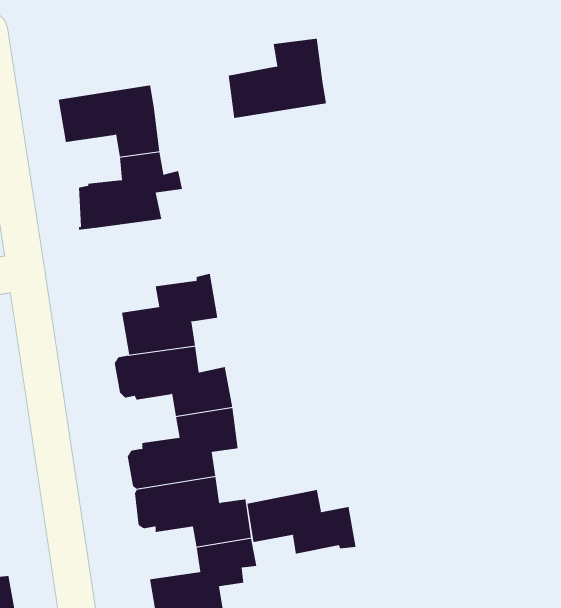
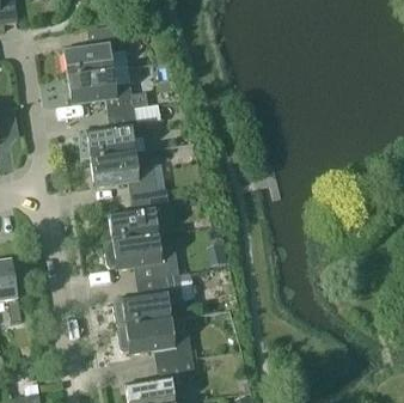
building: [228,38,327,119] -> [65,25,128,77]
building: none -> [91,153,157,196]
building: [247,489,356,554] -> none

